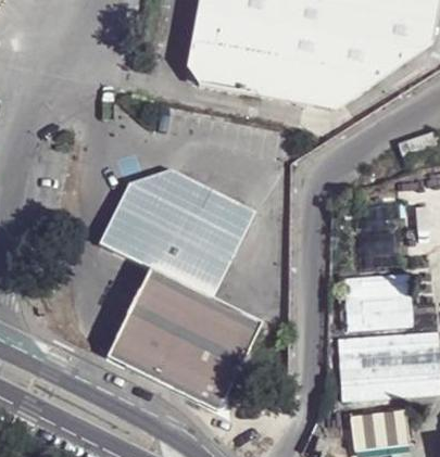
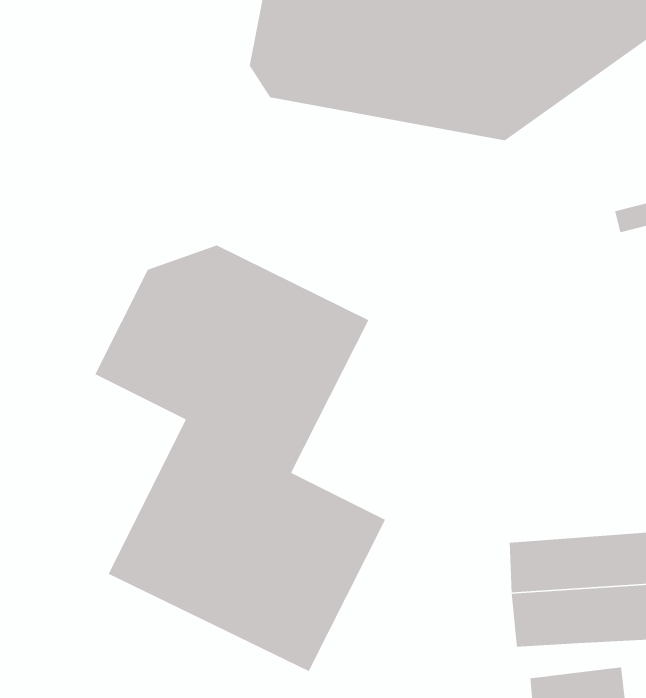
building: [342,272,410,330] -> none

